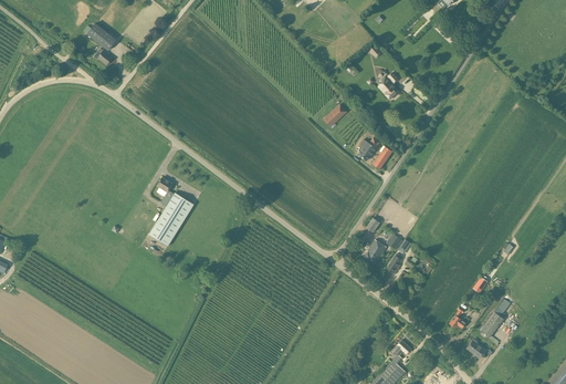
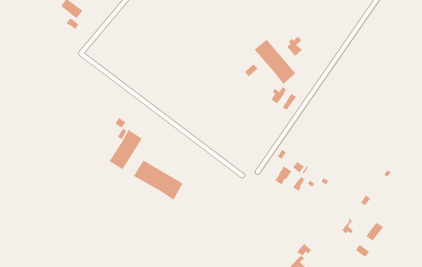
building: none -> [254,39,296,85]
building: none -> [133,159,184,201]

